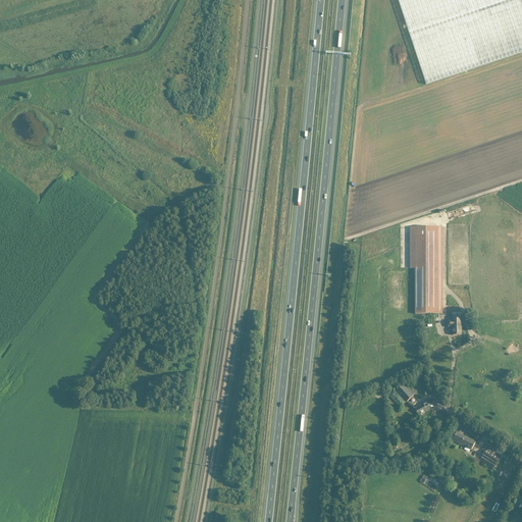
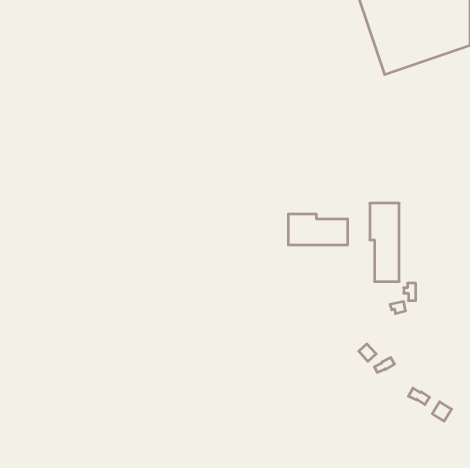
building: none -> [288,214,347,245]

